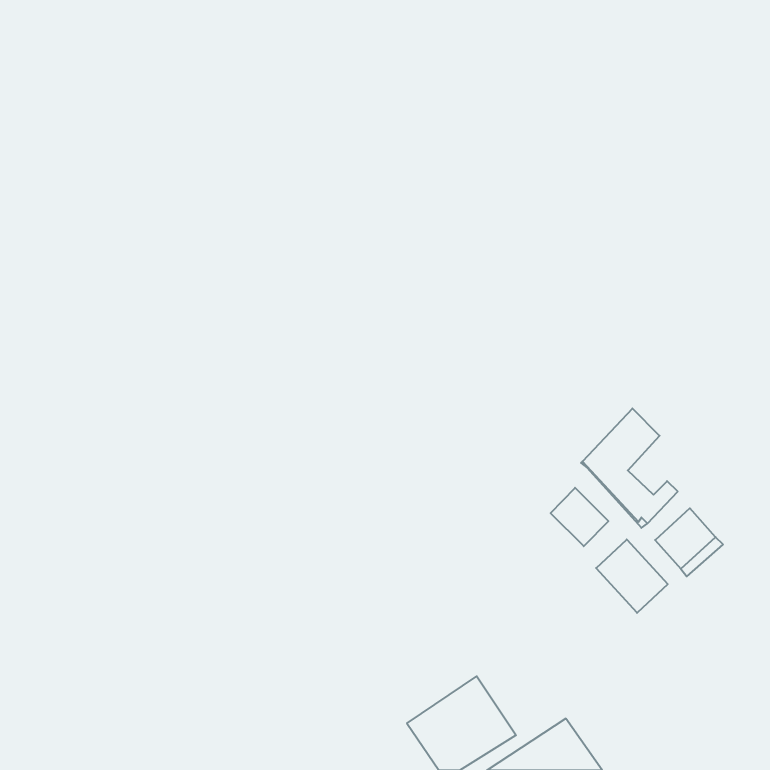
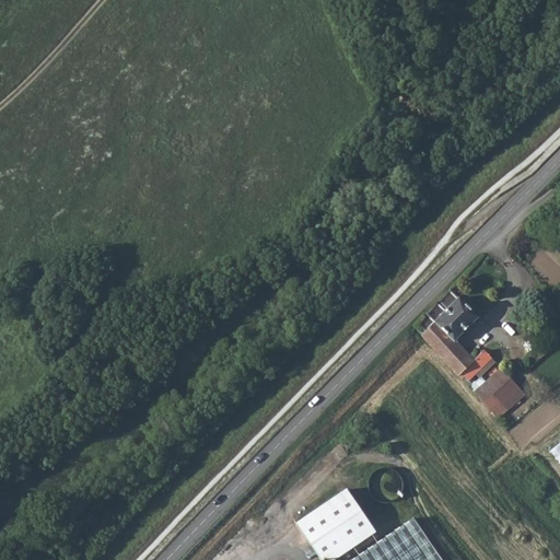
building: [551,488,608,546] -> none
building: [596,539,668,613] -> none

